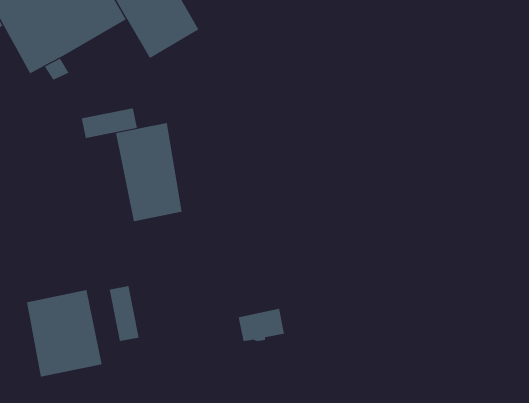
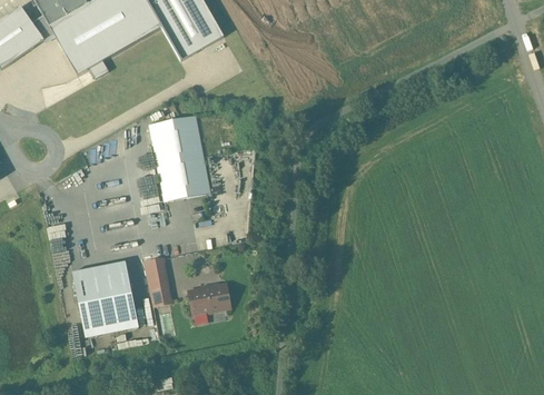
building: [81,108,137,139] -> none
building: [238,308,285,341] -> [189,284,230,313]

